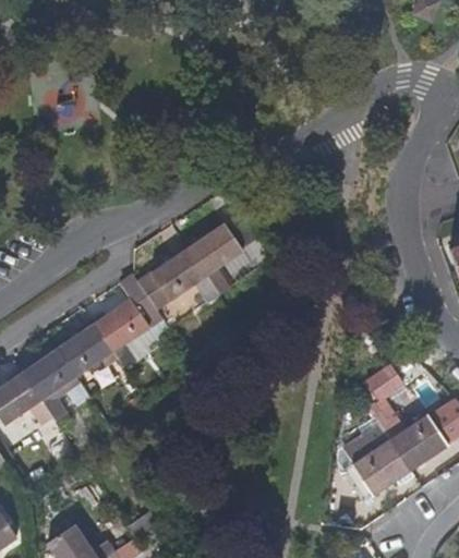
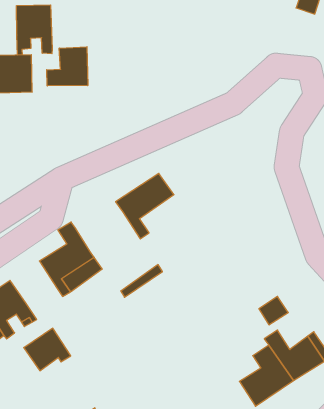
building: none -> [17,5,52,55]
building: none -> [47,47,88,86]
building: [140,250,219,311] -> none
building: [59,323,117,375] -> [24,328,71,371]

